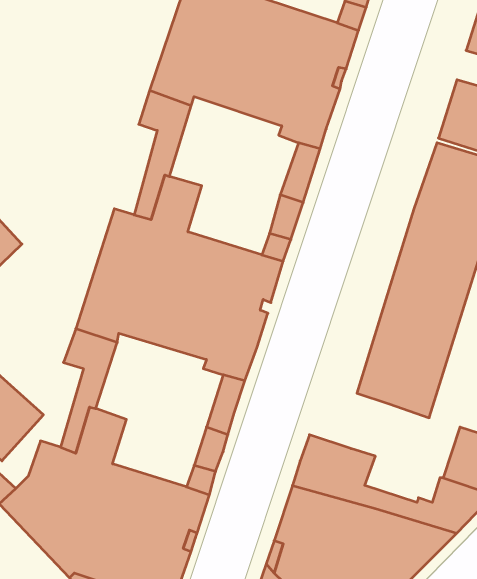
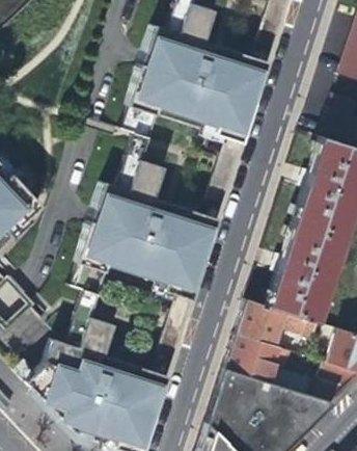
building: none -> [237,301,291,349]

